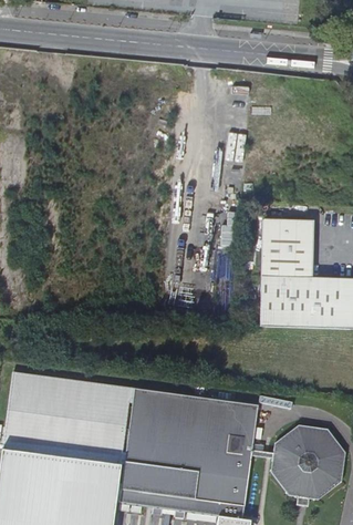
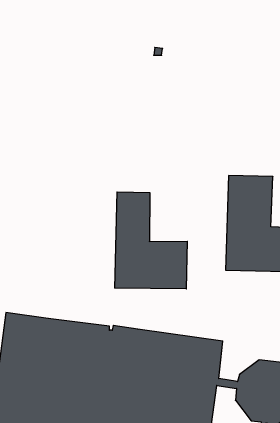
building: none -> [115,192,187,289]

